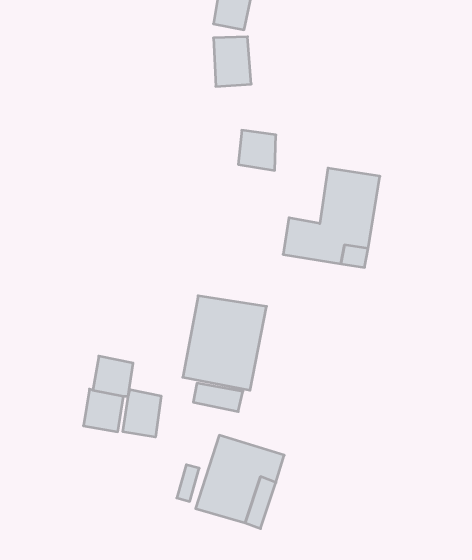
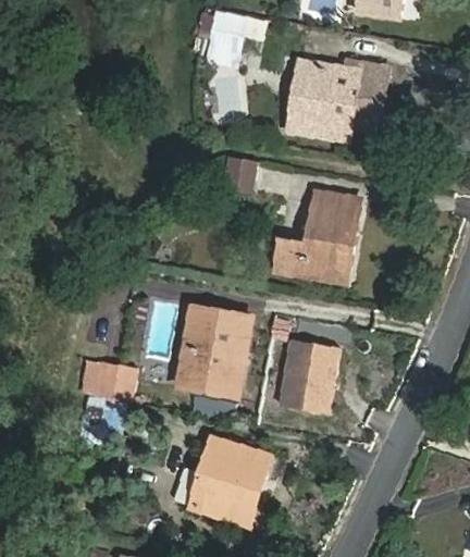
building: none -> [289,60,382,135]
building: none -> [280,338,337,413]
building: [123,390,161,437] -> none

